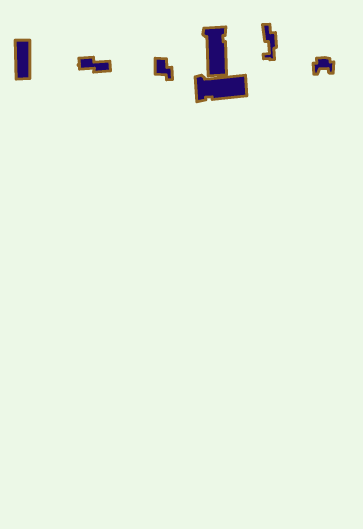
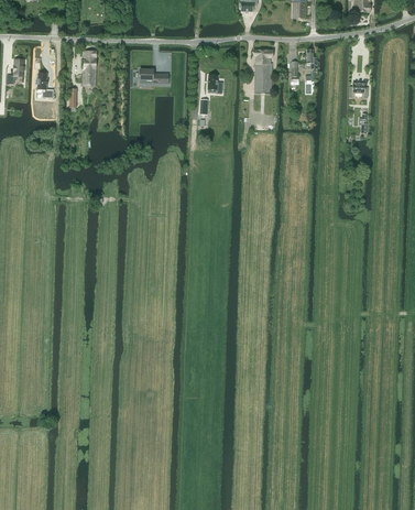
building: [195,75,247,102] -> none

